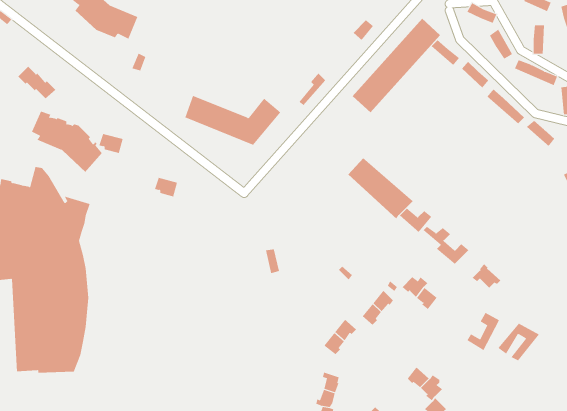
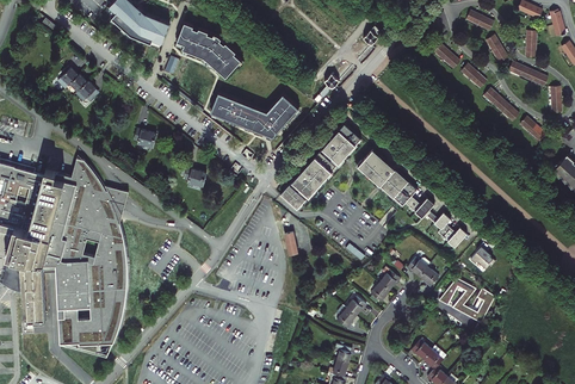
building: [352,18,441,113] -> [280,124,360,210]
building: [31,111,103,173] -> [175,23,240,79]
building: [497,323,540,361] -> [439,278,477,312]

